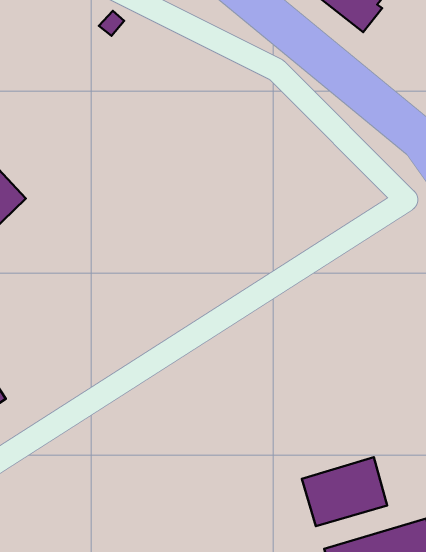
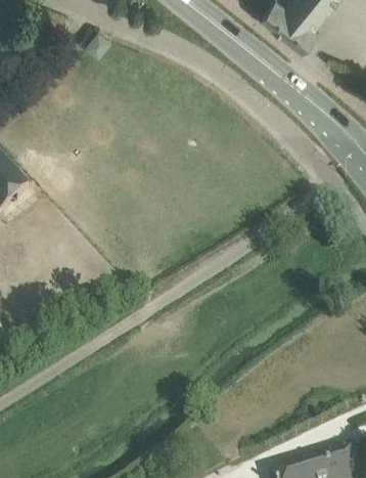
building: [302,457,387,526] -> none

